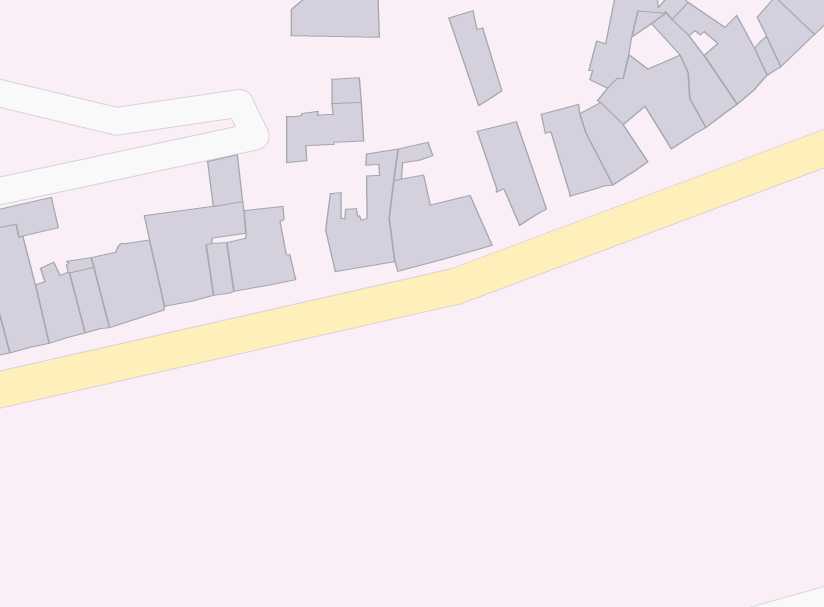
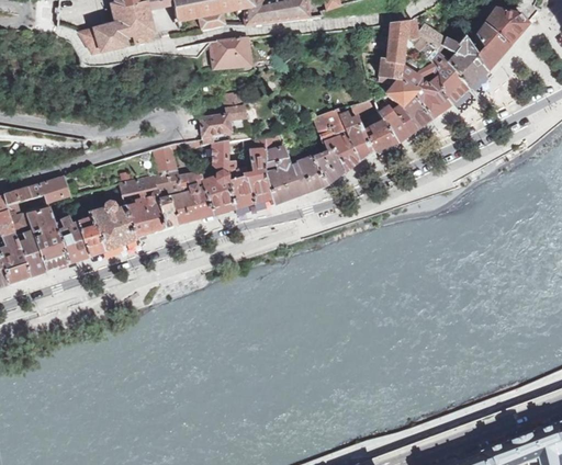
building: [449,11,502,105] -> [337,105,372,161]
building: none -> [401,95,430,128]
building: none -> [199,140,236,215]
building: none -> [313,151,344,185]

